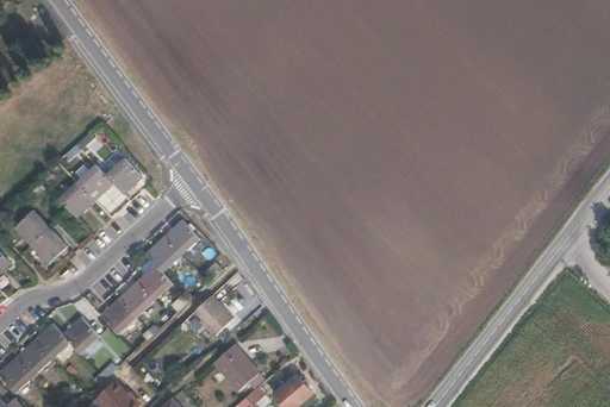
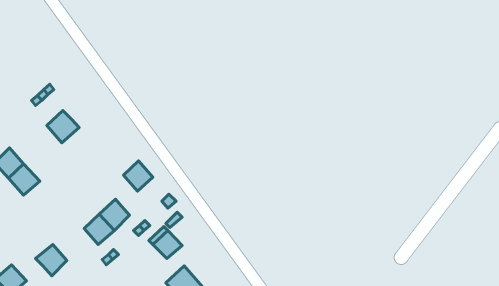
building: [102,155,138,192] -> none
building: [55,179,91,215] -> none
building: [143,237,180,274] -> none
building: [99,300,133,336] -> none
building: [31,325,68,362] -> none

